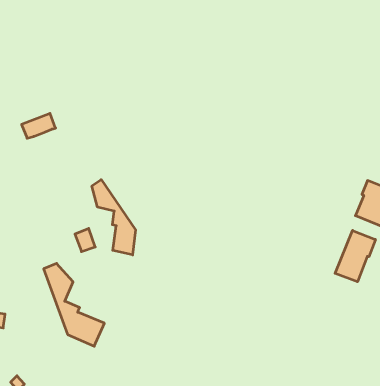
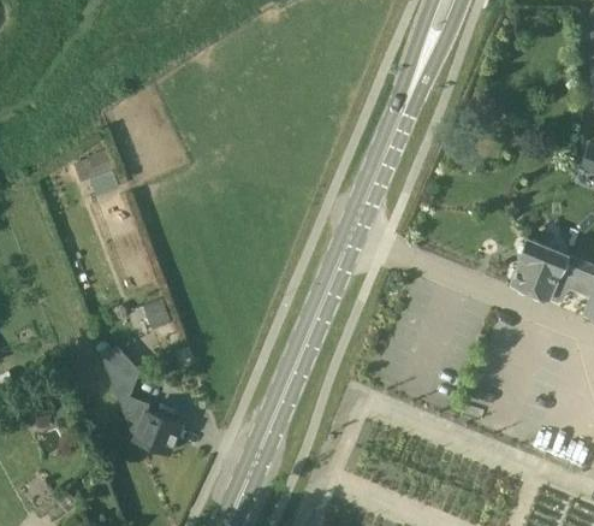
building: [92,180,136,255] -> none
building: [335,230,375,282] -> none

